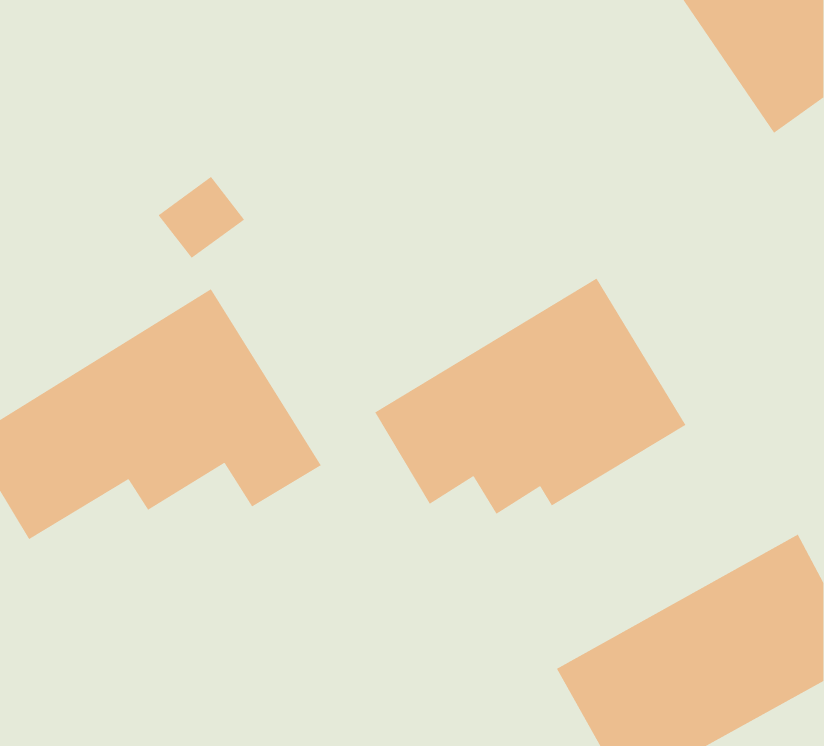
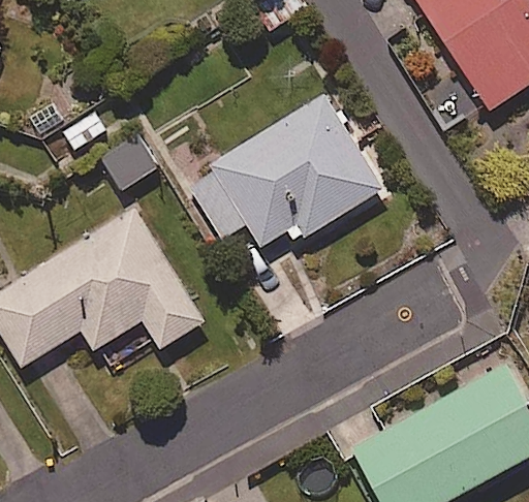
building: [374,277,686,515] -> [184,95,382,246]

